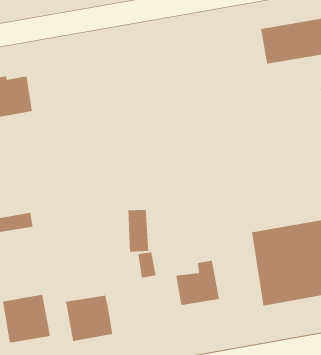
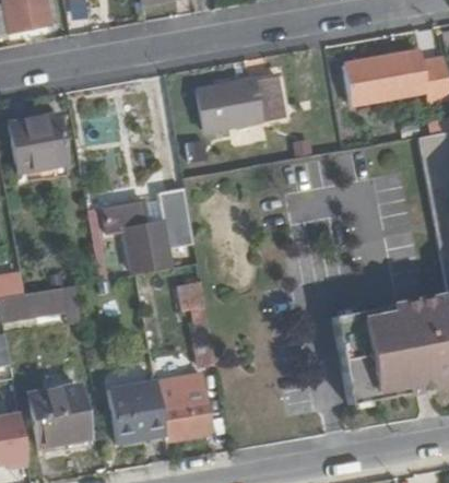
building: none -> [200,76,288,130]
building: none -> [103,184,191,268]
building: [176,260,220,306] -> [159,381,213,437]

